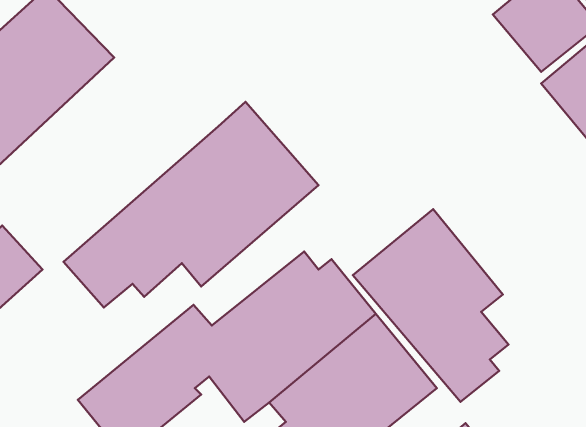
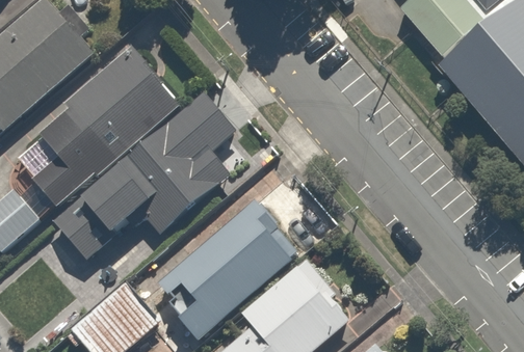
building: none -> [27,49,181,213]
building: [353,209,509,402] -> none

